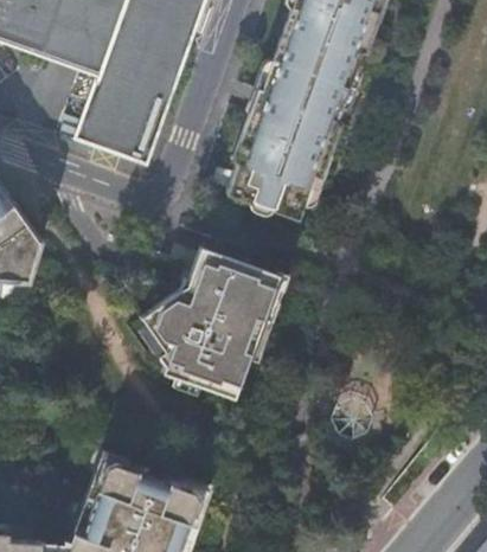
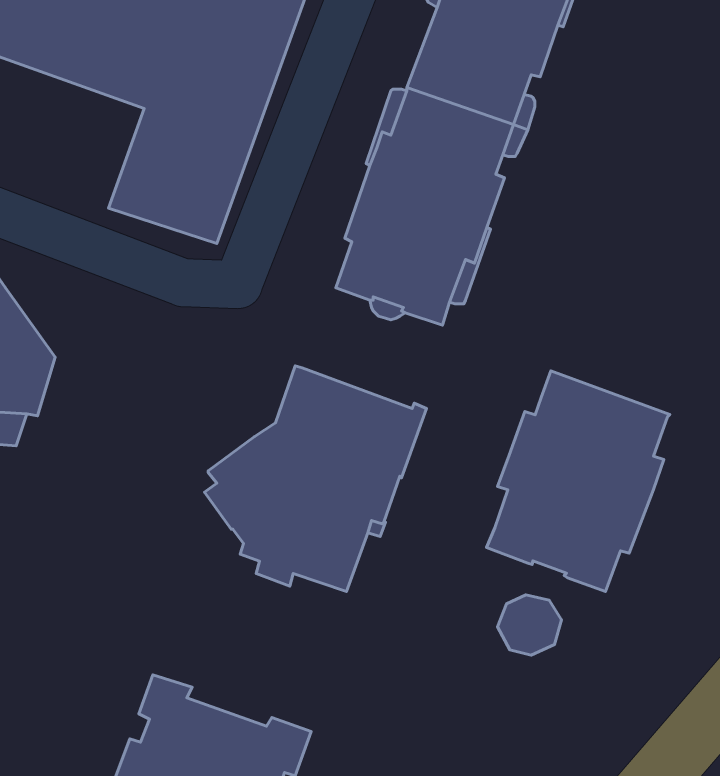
building: none -> [487,371,670,591]

